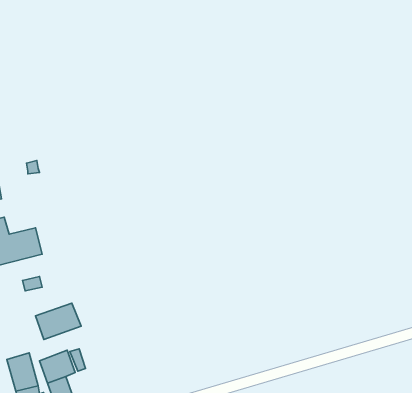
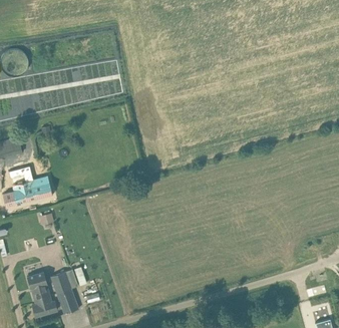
building: [36,303,81,339] -> none

